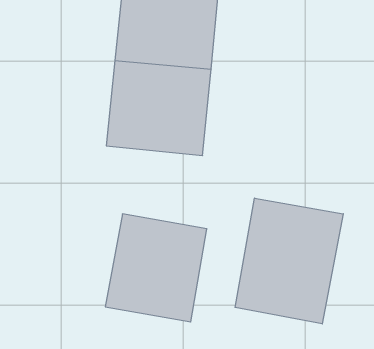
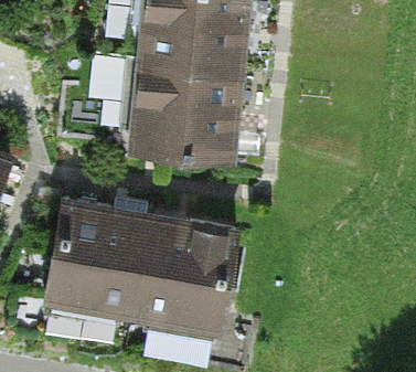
building: [235,198,343,324] -> none
building: none -> [44,209,148,319]

